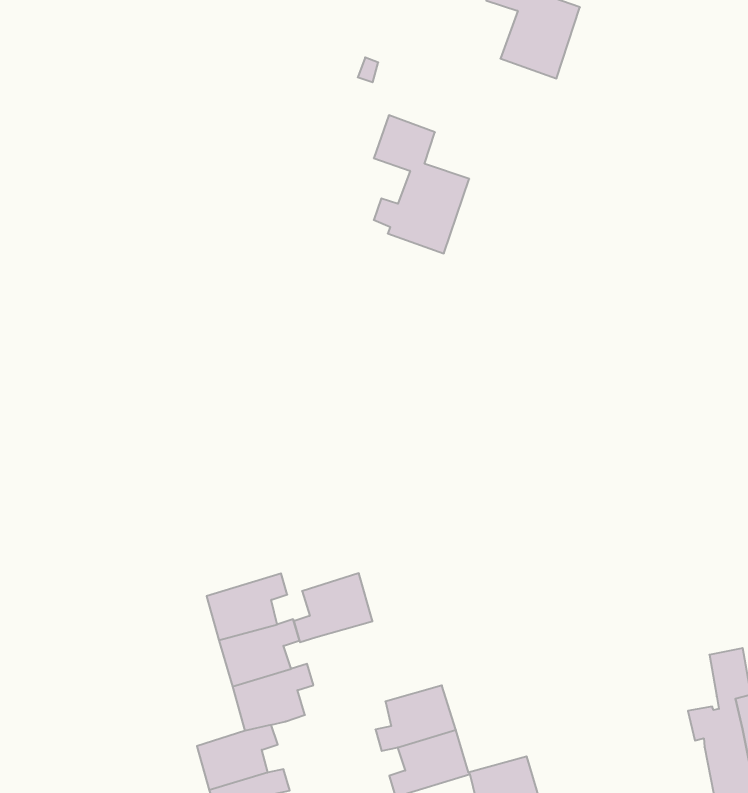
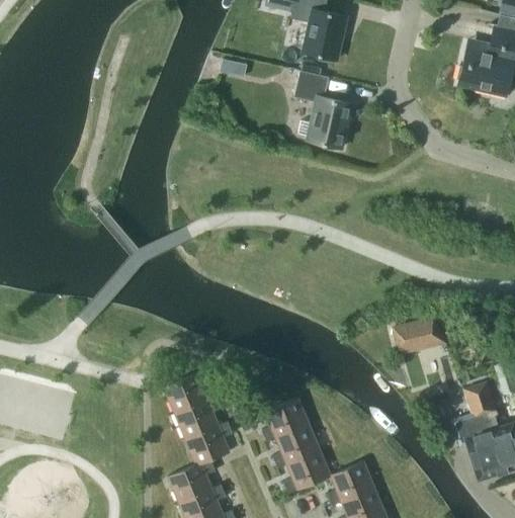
building: [374,115,469,253] -> [293,71,351,149]
building: none -> [394,320,429,348]
building: [294,573,373,642] -> [262,398,309,442]

